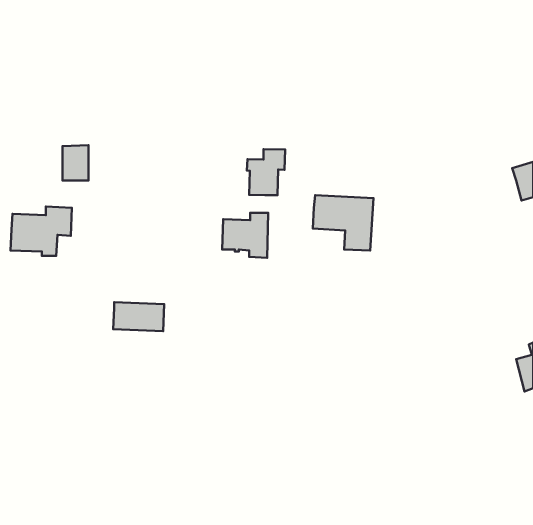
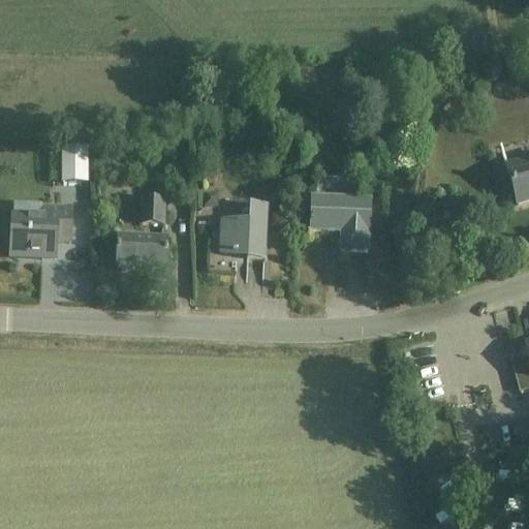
building: [247,149,285,195] -> none
building: none -> [141,197,162,222]
building: [113,302,164,331] -> [117,234,167,262]

